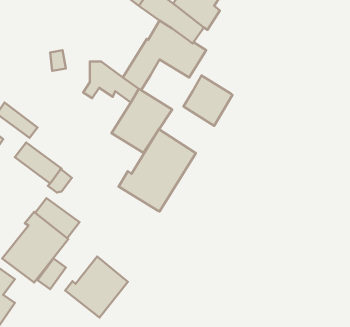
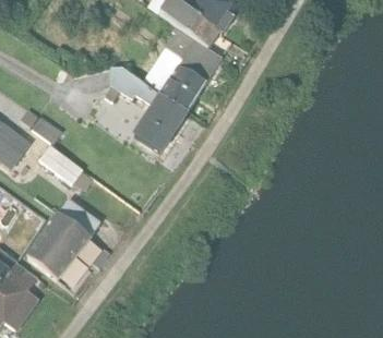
building: [183,76,232,126] -> [158,64,205,112]
building: [118,129,196,212] -> none
building: [65,257,128,317] -> none

